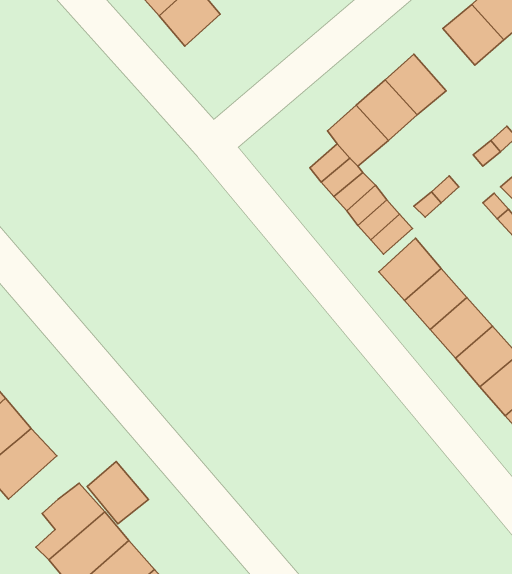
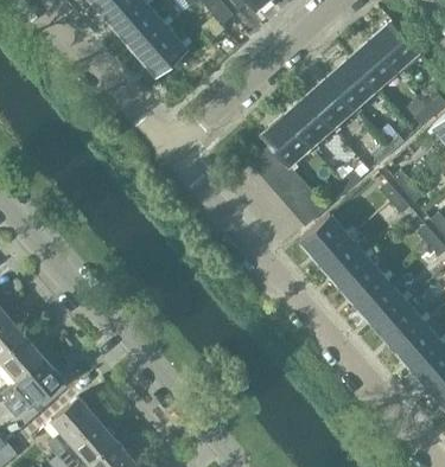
building: none -> [328,62,373,108]
building: [87,462,149,524] -> none

